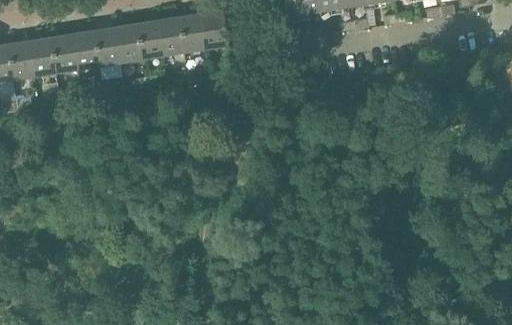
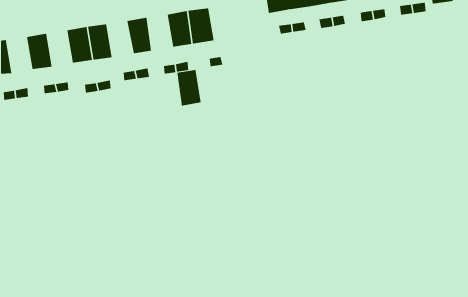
building: [157,17,184,56] -> [176,70,202,106]
building: [114,24,142,63] -> none
building: [50,34,77,73] -> none
building: [7,41,34,80] -> none

